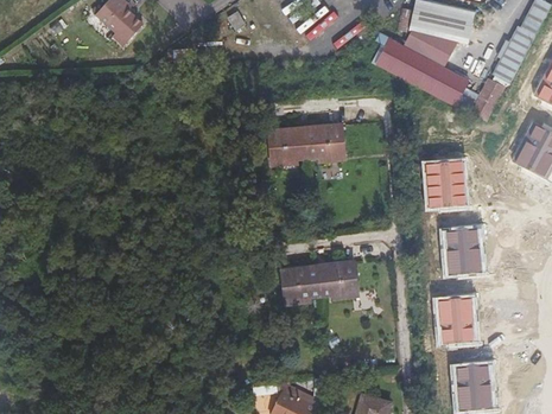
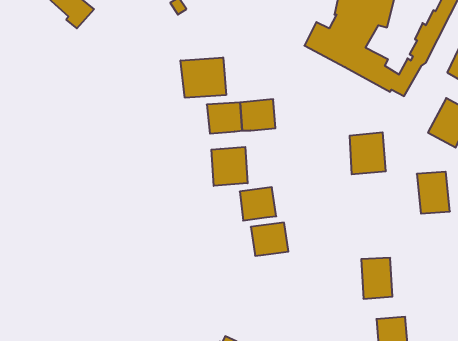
building: none -> [181,57,226,98]
building: none -> [211,147,248,186]
building: [445,228,482,274] -> [417,172,450,214]
building: [281,265,322,301] -> [240,187,276,221]

